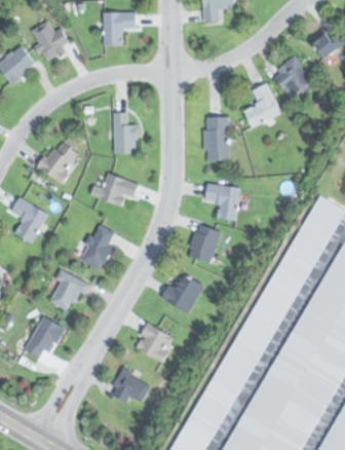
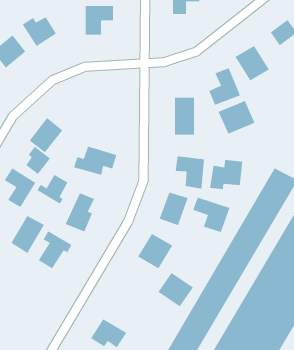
building: [113,112,137,154] -> none
building: none -> [218,100,255,134]
building: none -> [25,146,51,175]
building: none -> [210,159,243,190]
building: none -> [37,174,68,205]
building: none -> [192,197,230,233]
building: [25,317,64,362] -> [11,215,45,254]
building: [133,324,175,364] -> [158,272,194,307]

